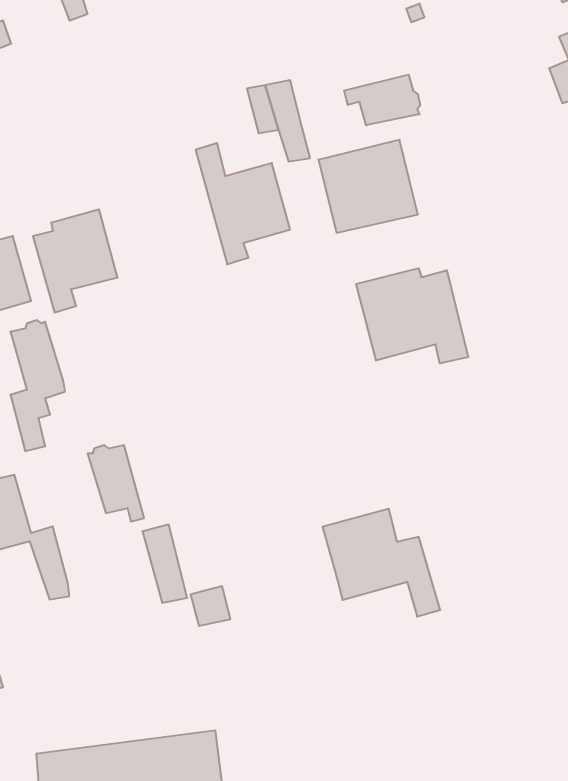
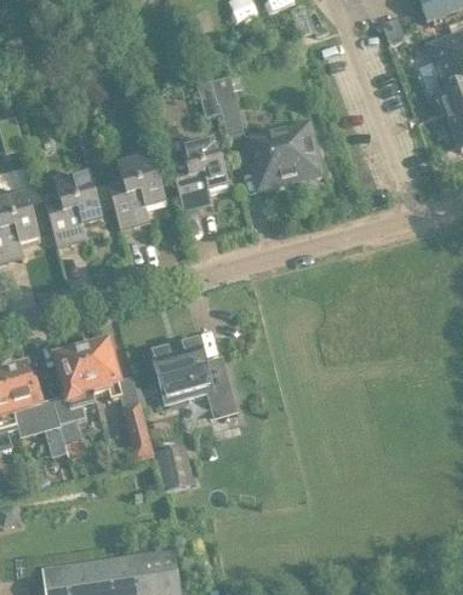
building: [344,75,420,125] -> none
building: none -> [104,154,166,228]
building: [356,268,468,363] -> none
building: [10,320,65,451] -> [56,348,96,444]
building: [322,509,440,617] -> [150,337,236,416]

